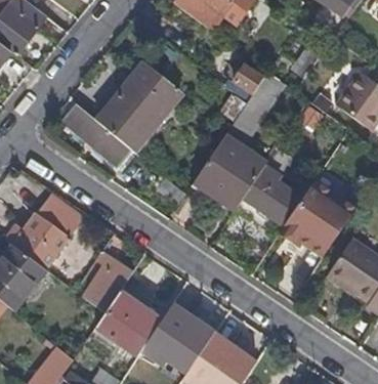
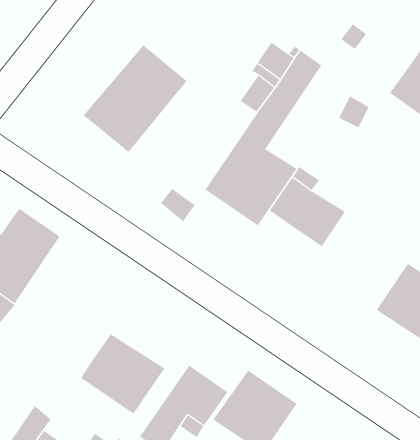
building: [60,102,132,167] -> none
building: [285,197,355,257] -> none
building: [86,257,133,312] -> none

